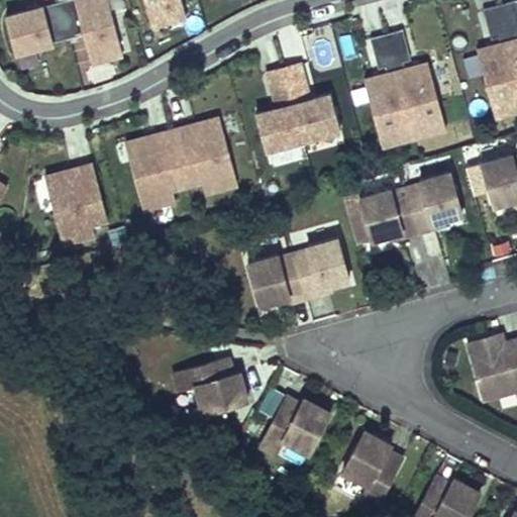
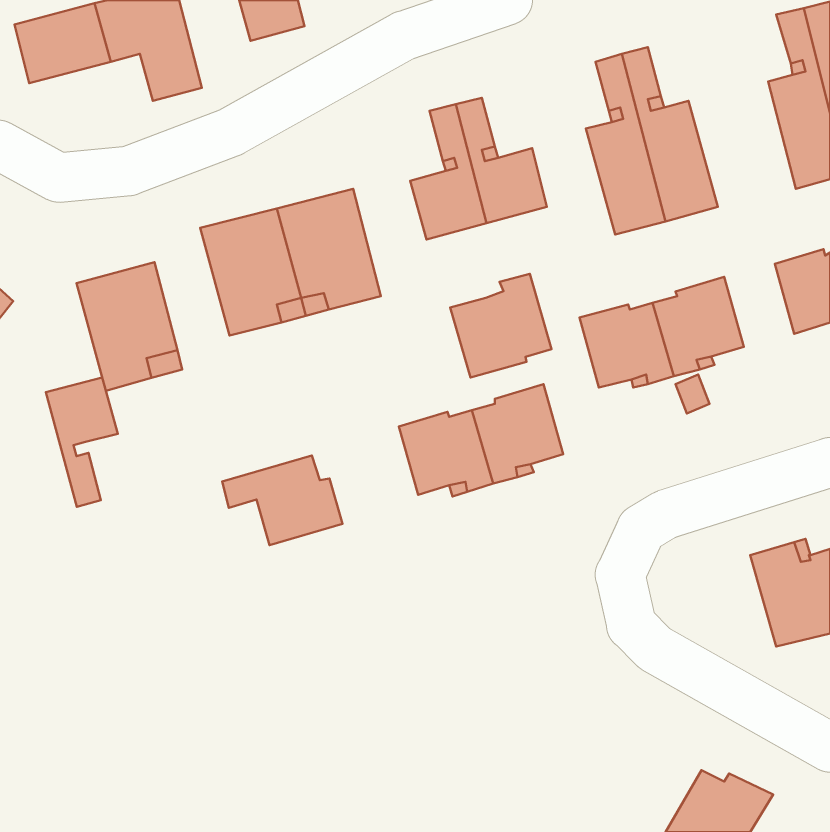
building: none -> [450,274,551,378]
building: none -> [46,378,118,507]
building: [173,358,247,414] -> [222,456,343,545]
building: [258,397,329,456] -> none
building: [341,431,401,510] -> none

